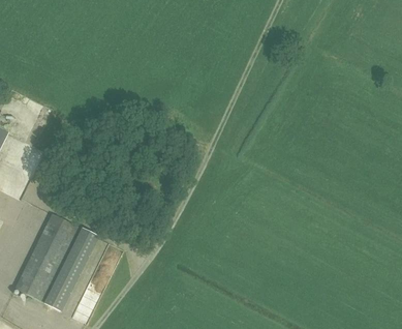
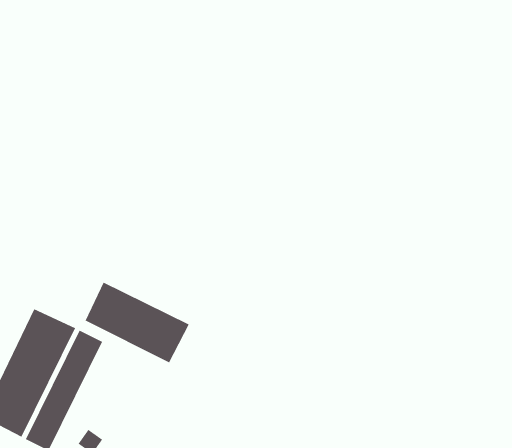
building: none -> [84,281,190,364]

